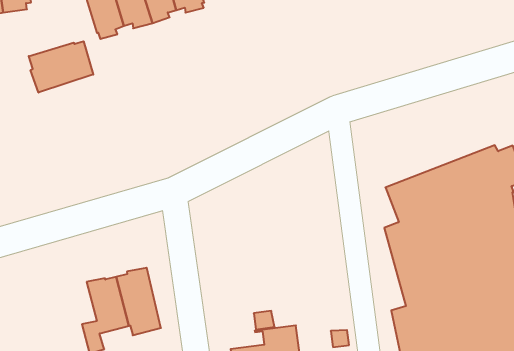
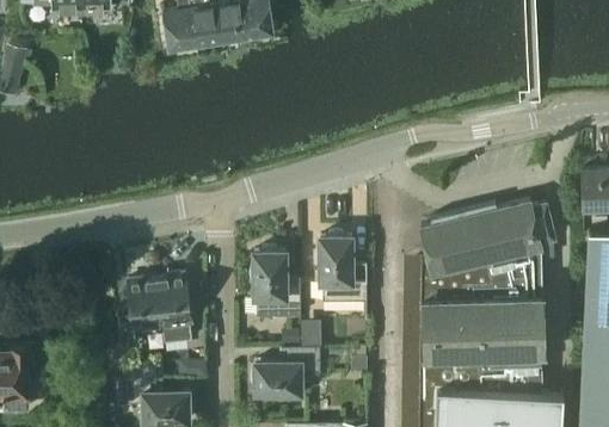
building: [29,41,93,93] -> none
building: none -> [316,234,367,302]
building: none -> [251,249,301,317]

